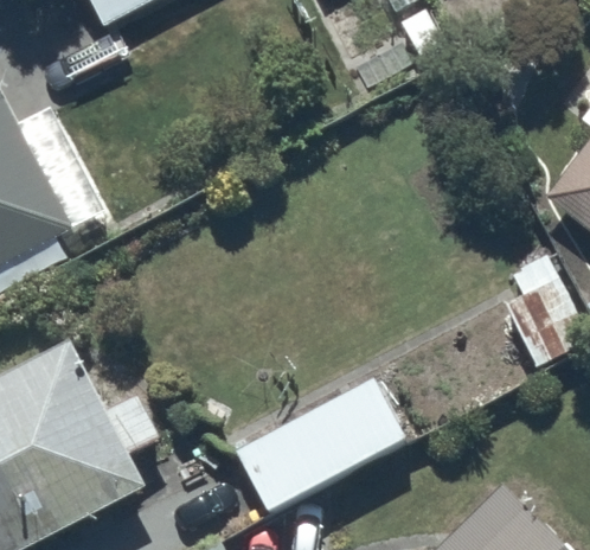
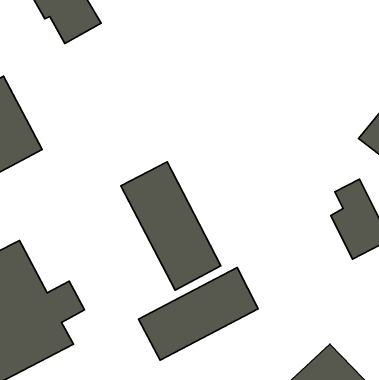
building: none -> [121,162,221,290]

